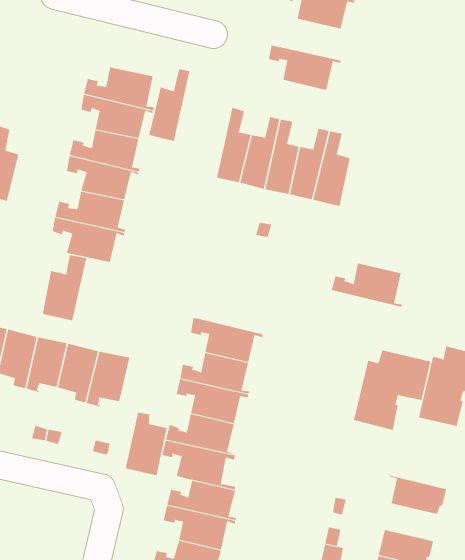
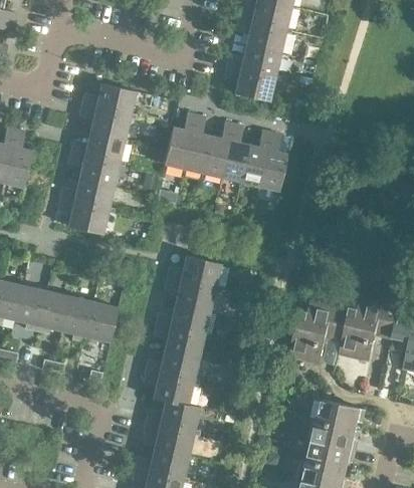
building: none -> [226,46,281,78]
building: [148,69,190,142] -> [164,112,196,169]
building: [42,255,87,321] -> none
building: [331,263,403,307] -> [166,255,221,289]
building: [125,412,167,476] -> none
building: none -> [314,420,357,449]

